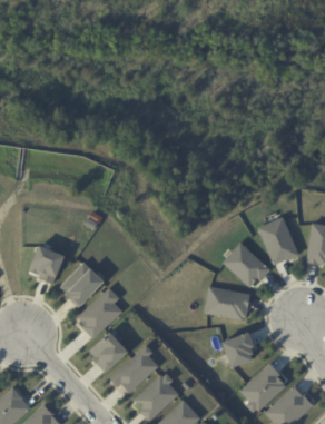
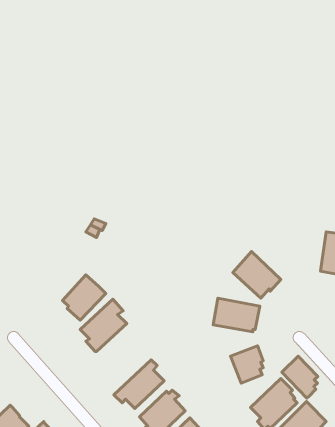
building: [258,216,298,263] -> none
building: [29,245,63,284] -> none
building: [88,332,127,373] -> none
building: none -> [282,356,318,398]

